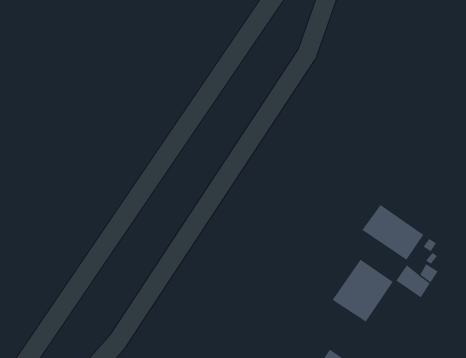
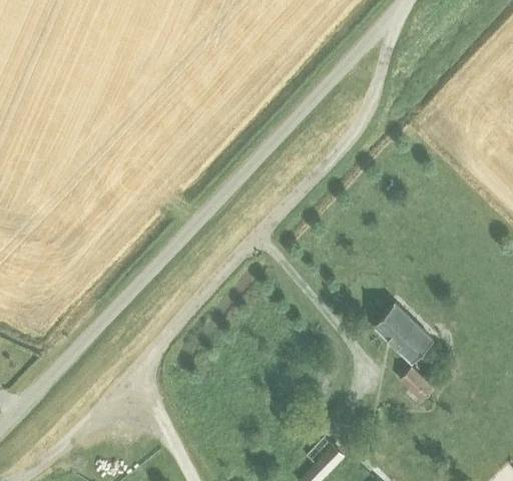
building: [332,259,393,323] -> none

